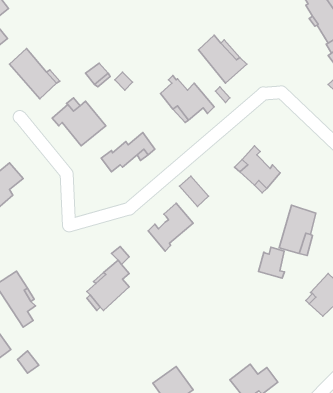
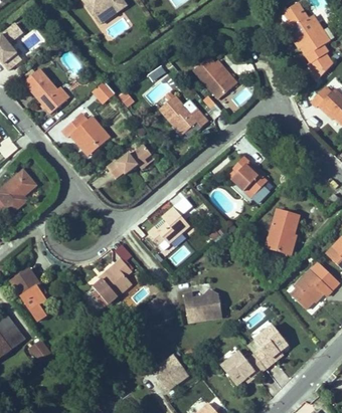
building: [258,247,284,278] -> none
building: none -> [183,292,221,323]
building: none -> [254,326,288,368]

